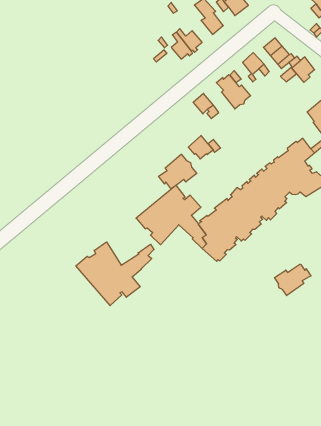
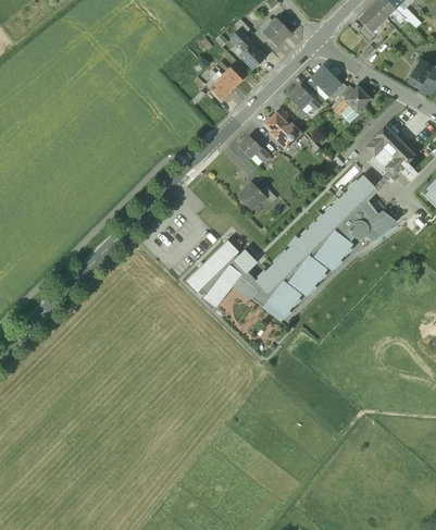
building: [159,154,197,189] -> none
building: [76,242,154,306] -> none
building: [275,264,311,296] -> none

